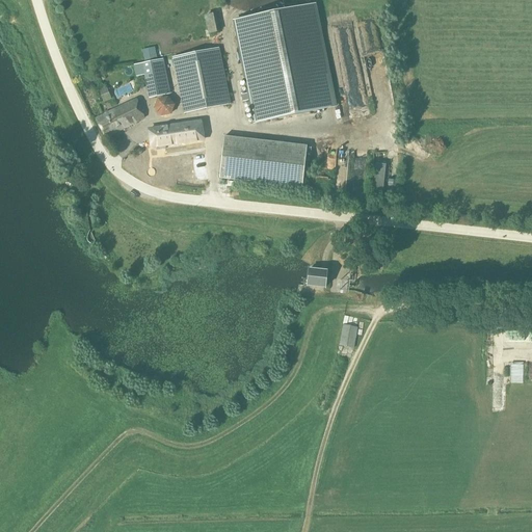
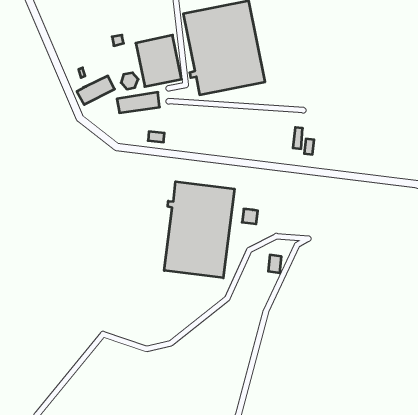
building: [142,57,169,95] -> none
building: [219,134,307,186] -> none
building: none -> [164,182,234,278]

